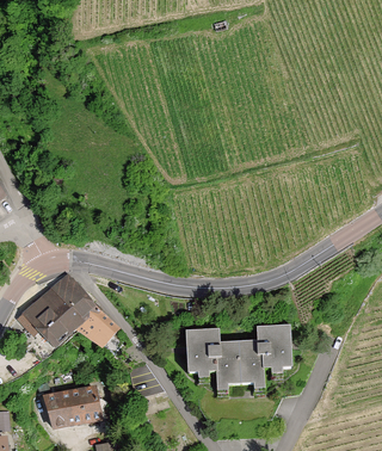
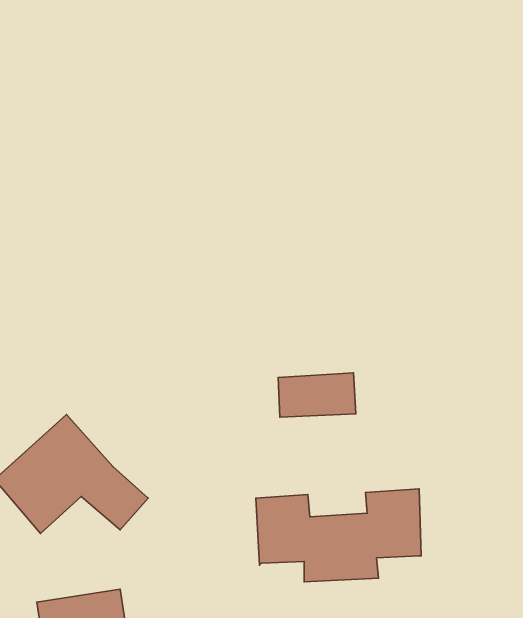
building: none -> [278,373,356,417]

